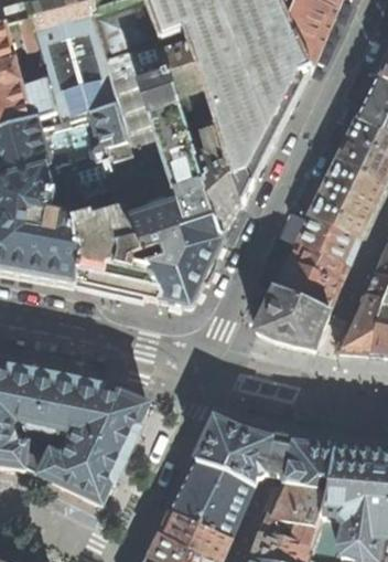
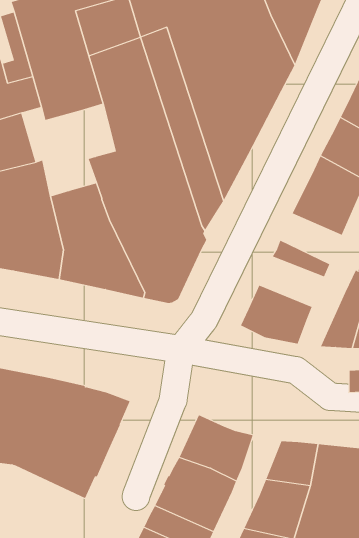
building: [37,106,128,193] -> none
building: [297,216,359,267] -> none
building: [276,259,342,310] -> none
building: [257,439,298,484] -> none

